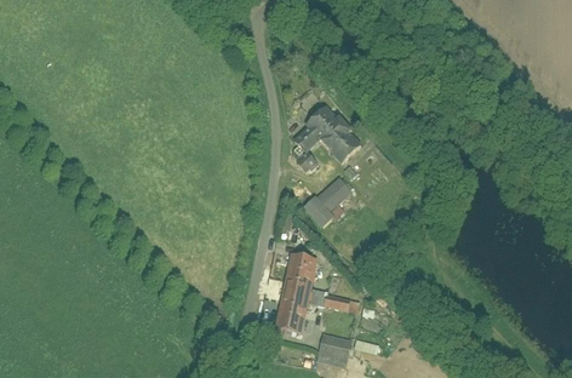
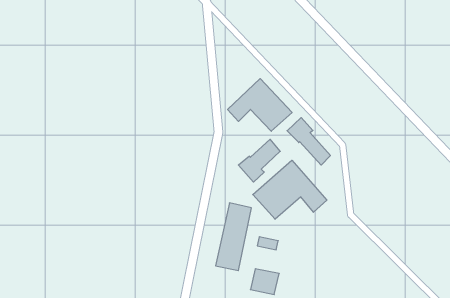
building: none -> [287,118,330,165]
building: none -> [253,160,327,219]

